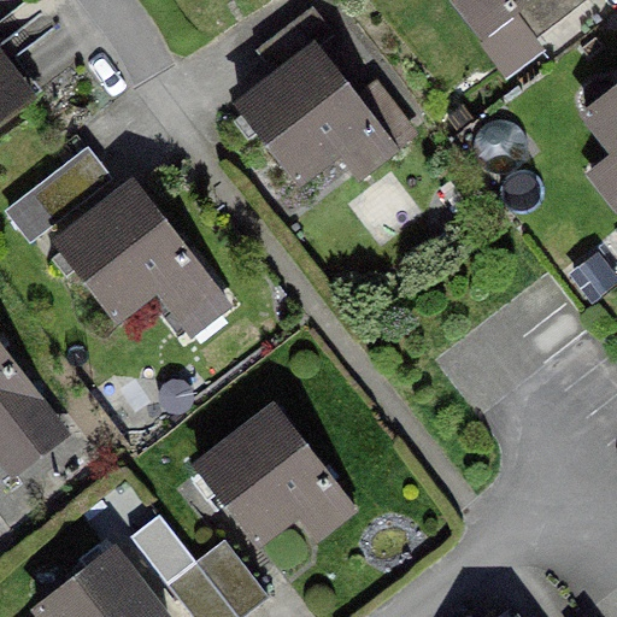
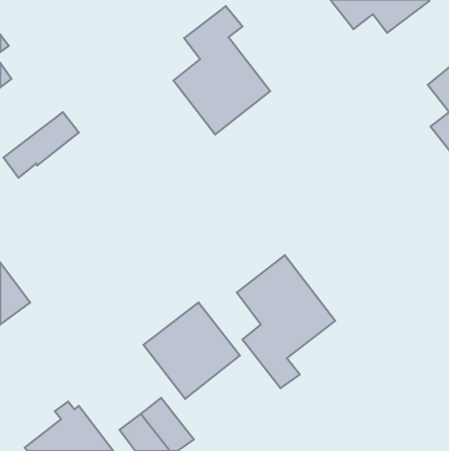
building: [52,188,223,334] -> none
building: none -> [237,255,335,388]

